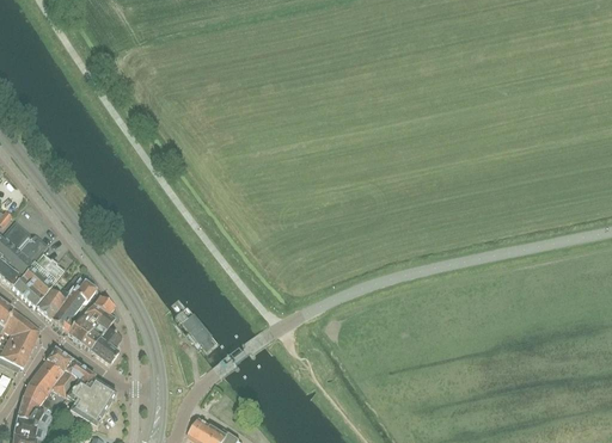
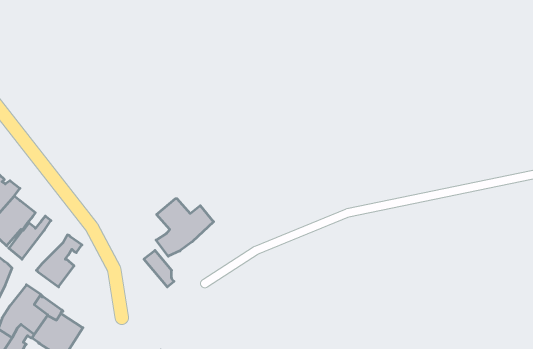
building: none -> [156,199,214,256]
building: [50,278,96,332] -> none
building: [90,309,122,364] -> none

